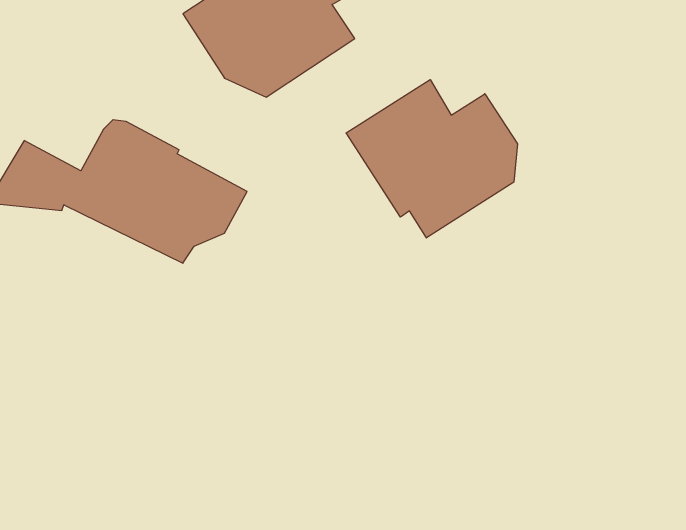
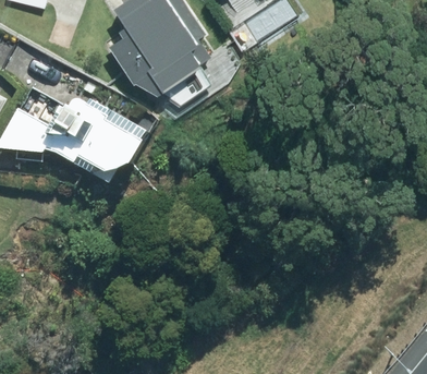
building: [346,80,517,238] -> none

